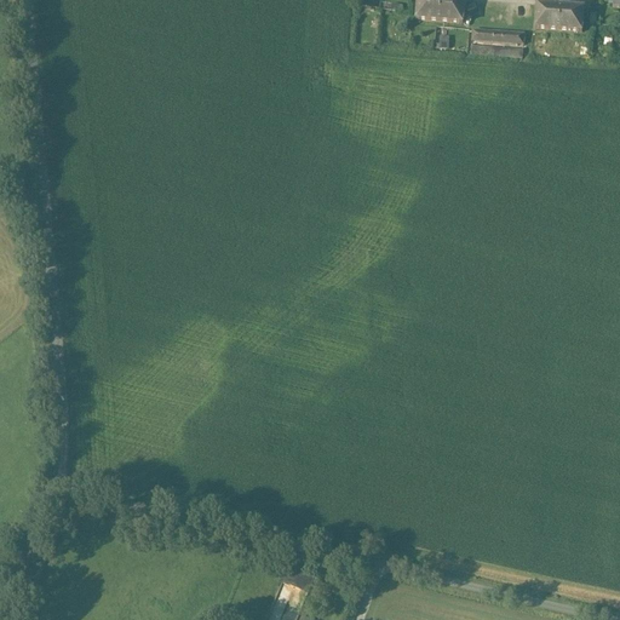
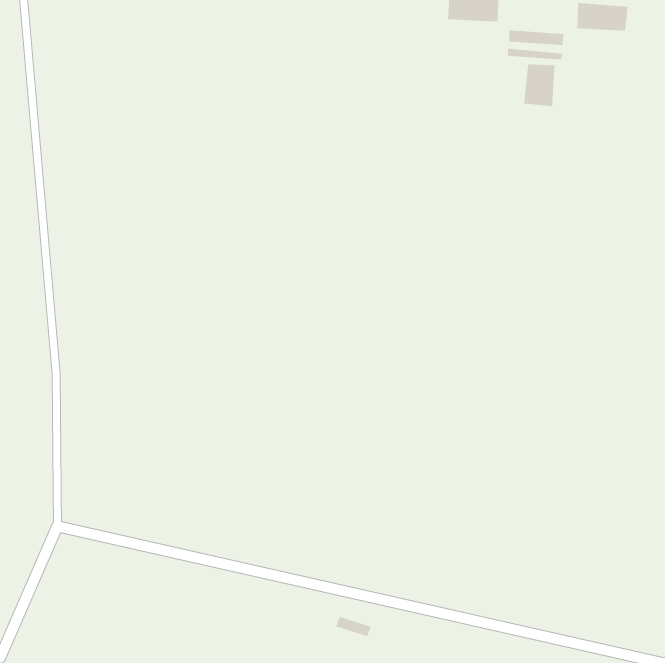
building: none -> [524,63,555,107]

